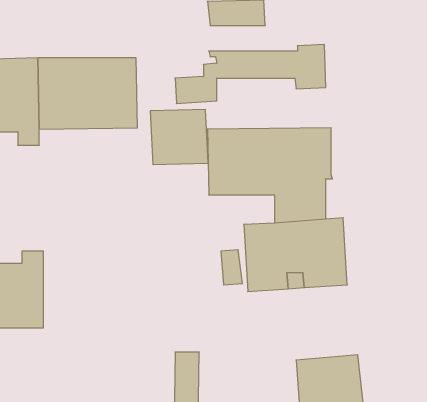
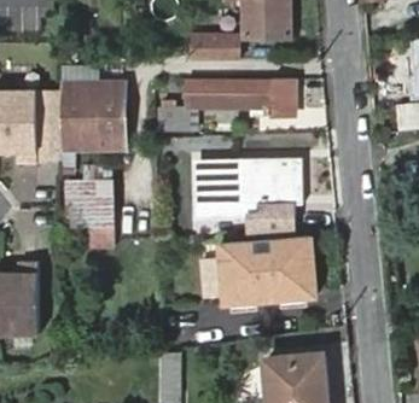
building: [150,109,208,165] -> [64,180,116,229]

